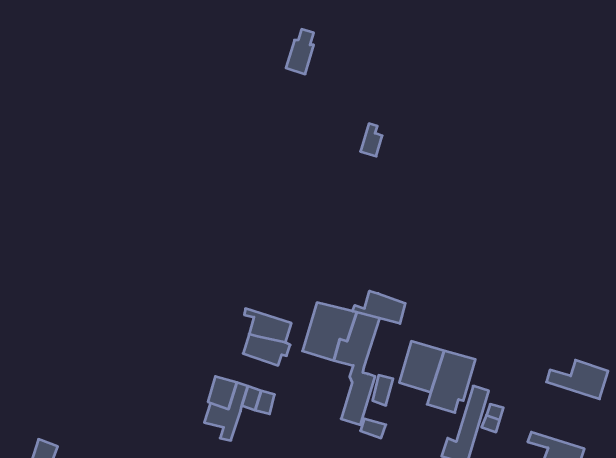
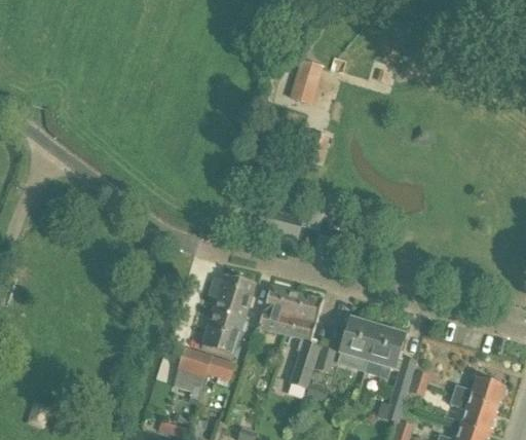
building: [286,29,314,74] -> [291,63,314,101]
building: none -> [210,273,256,302]
building: [353,291,405,324] -> none
building: none -> [201,328,239,356]
building: [546,360,608,399] -> [452,376,504,409]

